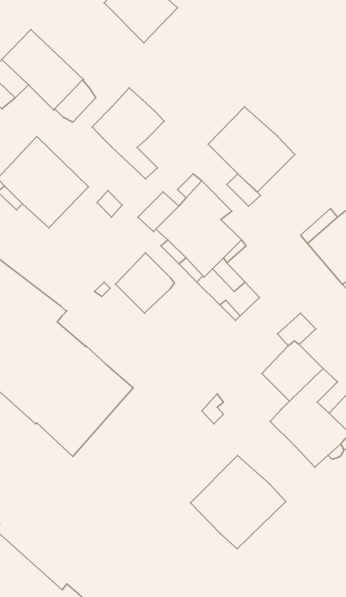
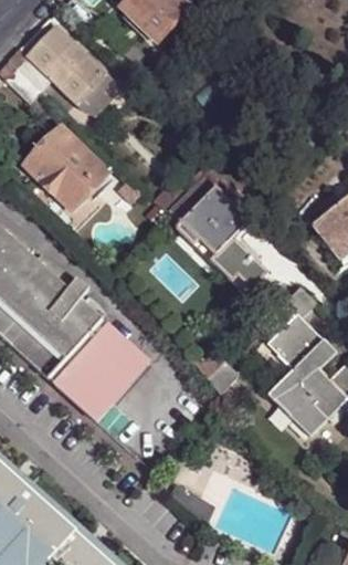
building: [92,88,164,179] -> none
building: [208,107,295,192] -> none
building: [115,253,175,313] -> none
building: [190,455,286,549] -> none

